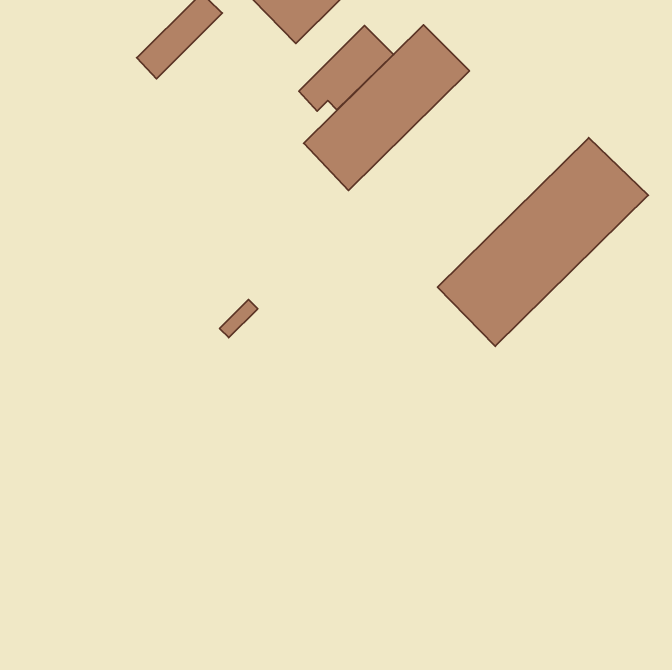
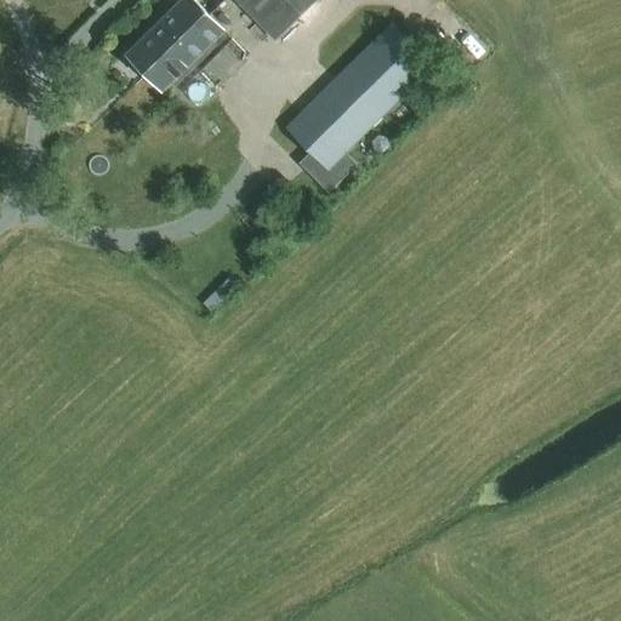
building: [299,26,394,111] -> [144,12,232,91]
building: [438,138,648,346] -> none

